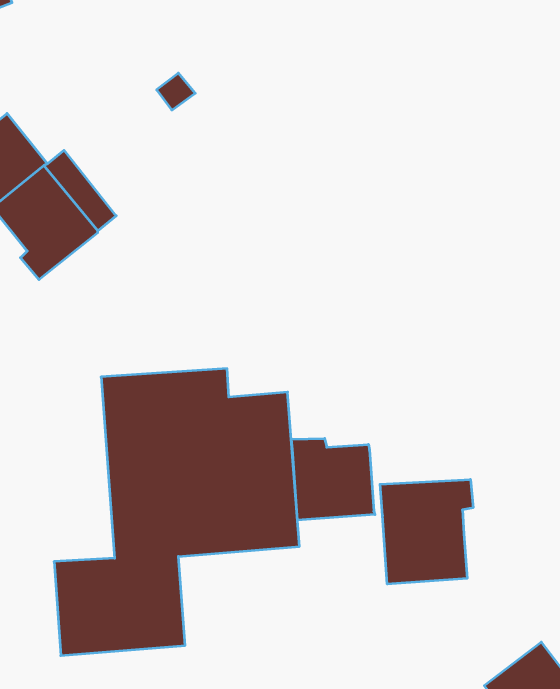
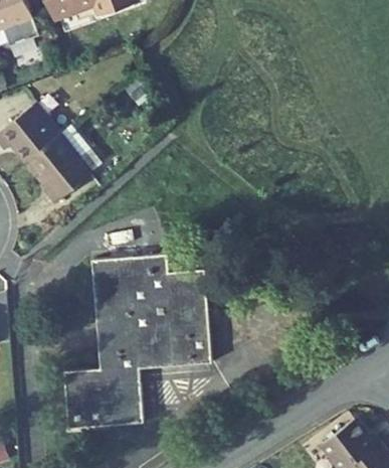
building: [292,438,375,520] -> none
building: [380,479,473,584] -> none

